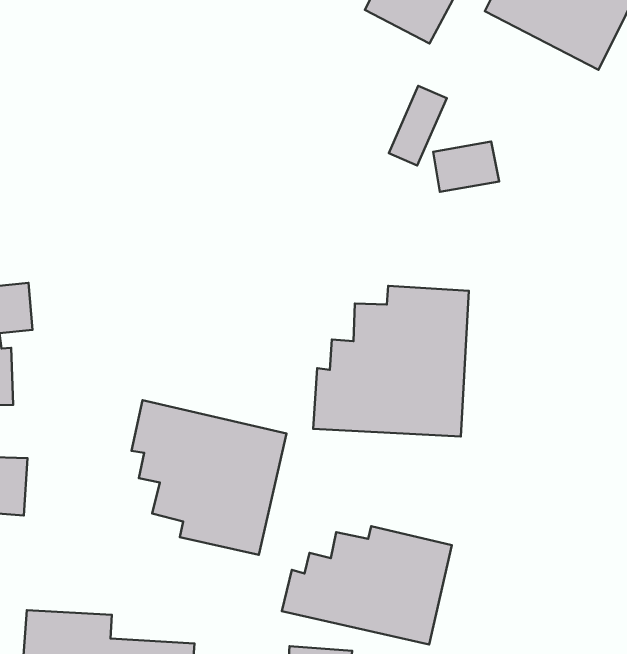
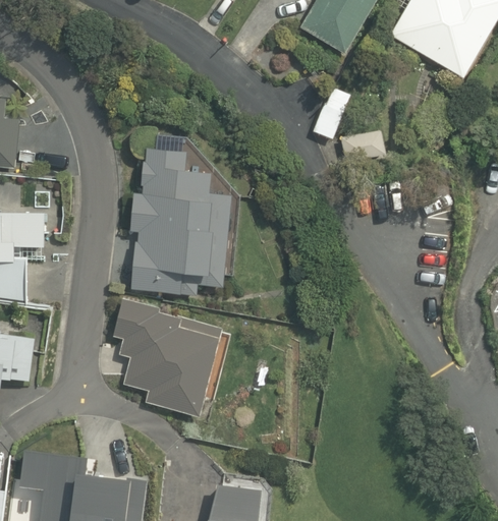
building: none -> [126,139,233,297]
building: [313,286,469,436] -> none
building: [282,526,452,645] -> none

